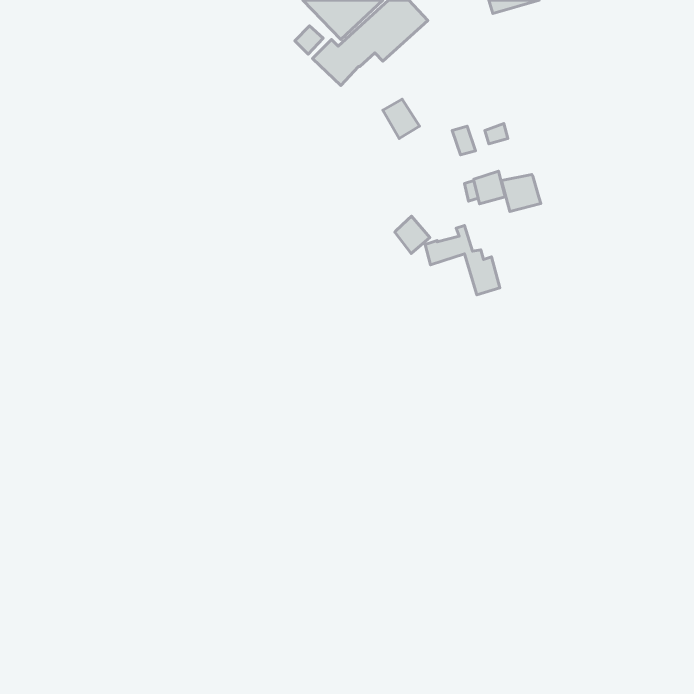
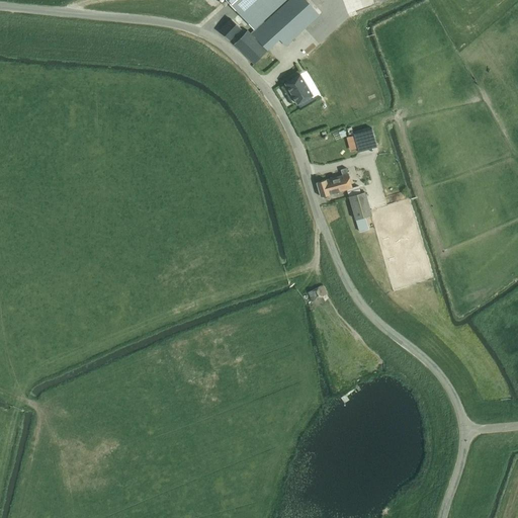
building: [502,175,541,212] -> none
building: [395,216,430,254] -> none

